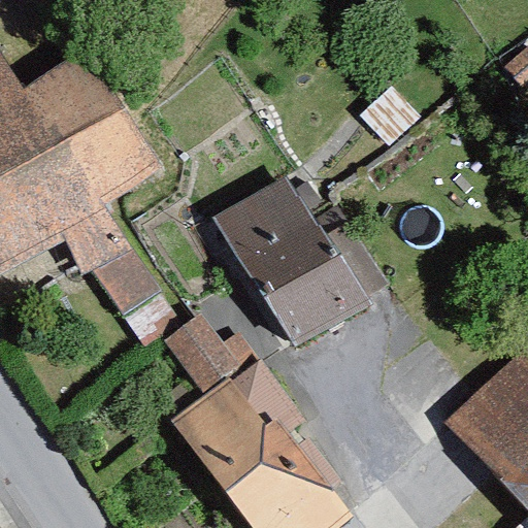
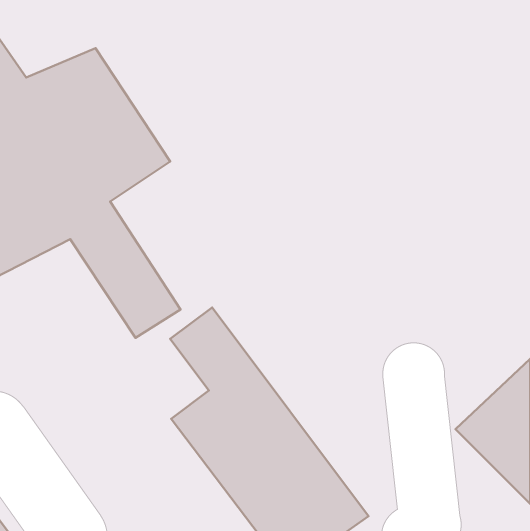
building: [211,170,366,345] -> none

